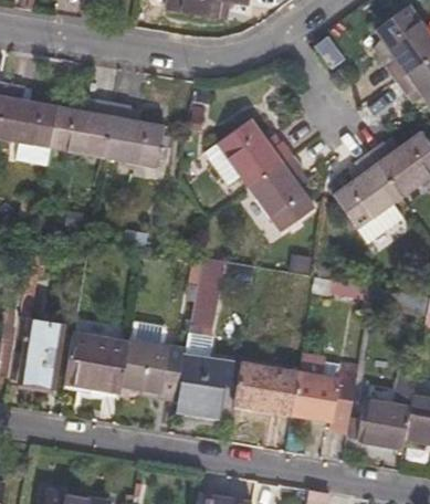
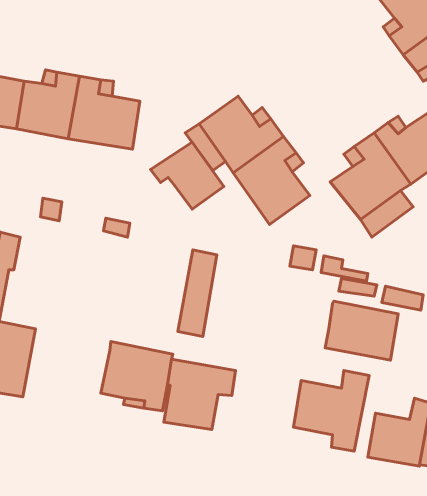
building: none -> [151,142,224,209]
building: [71,333,136,390] -> none
building: [240,359,304,411] -> [325,301,398,360]

